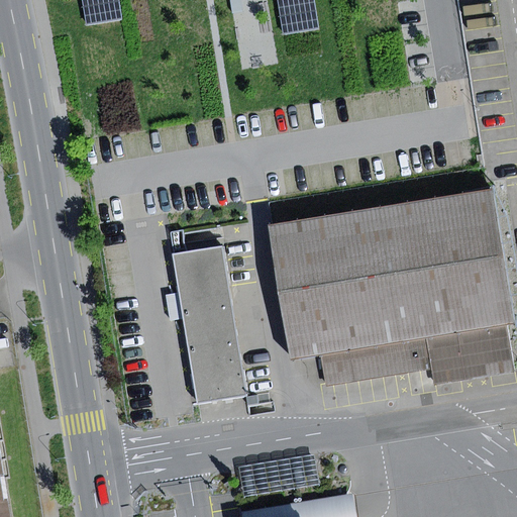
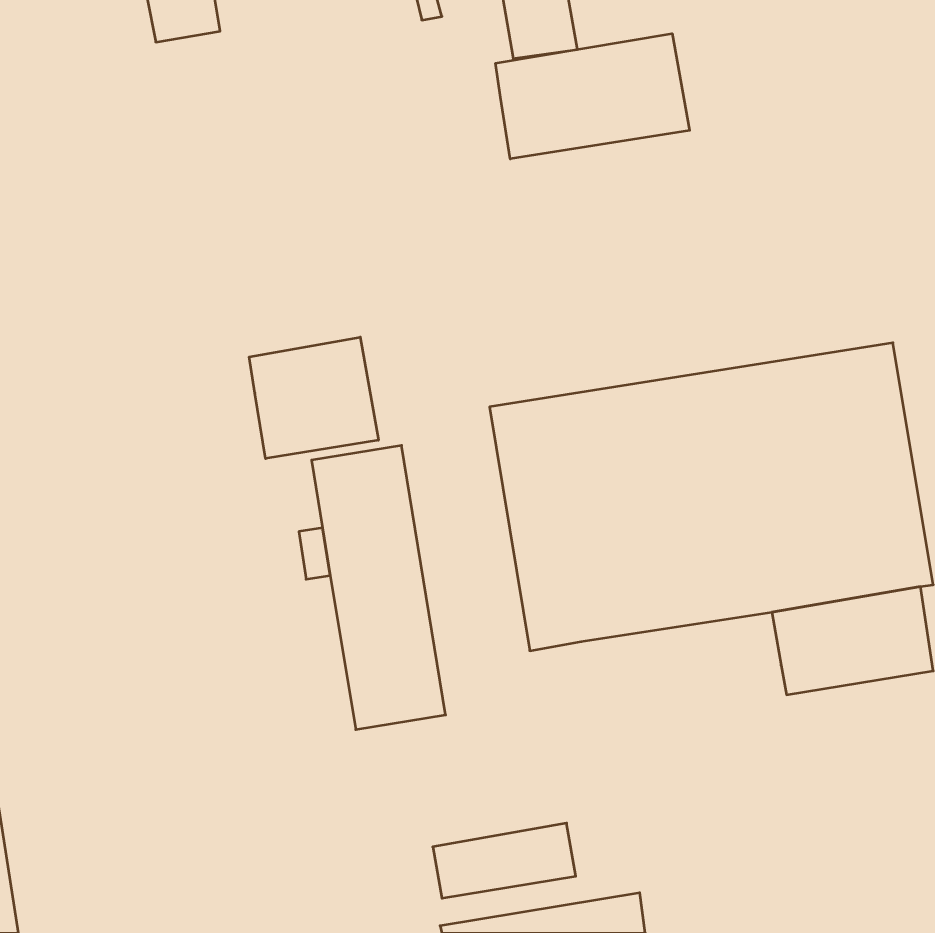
building: none -> [496,34,690,159]
building: none -> [249,337,378,459]
building: [320,337,430,384] -> none

